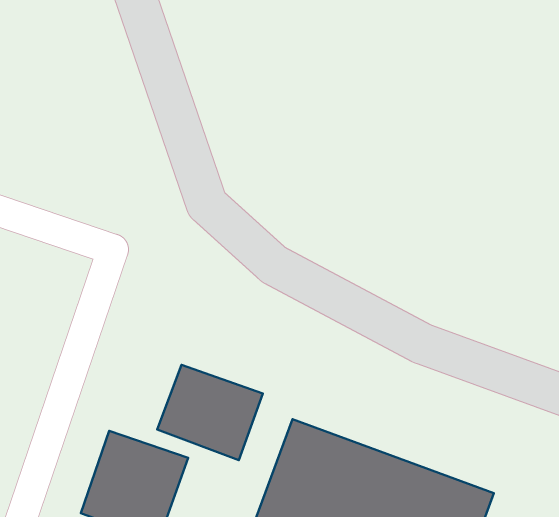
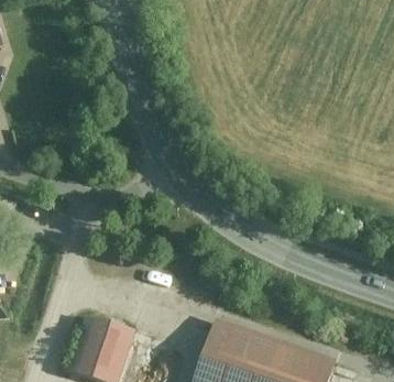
building: [157,365,263,460] -> none

